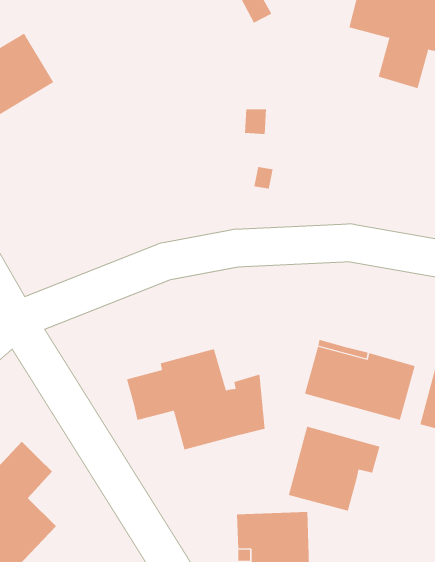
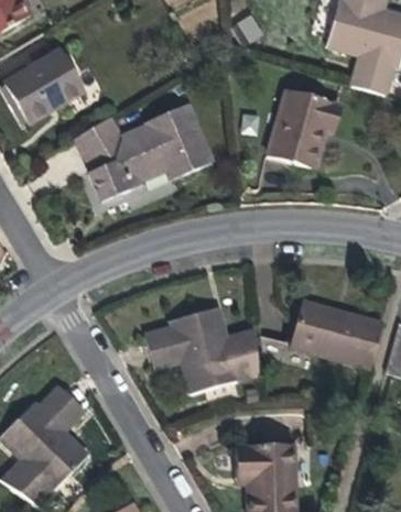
building: none -> [269,90,339,167]
building: none -> [74,104,212,201]
building: [288,426,380,511] -> none

